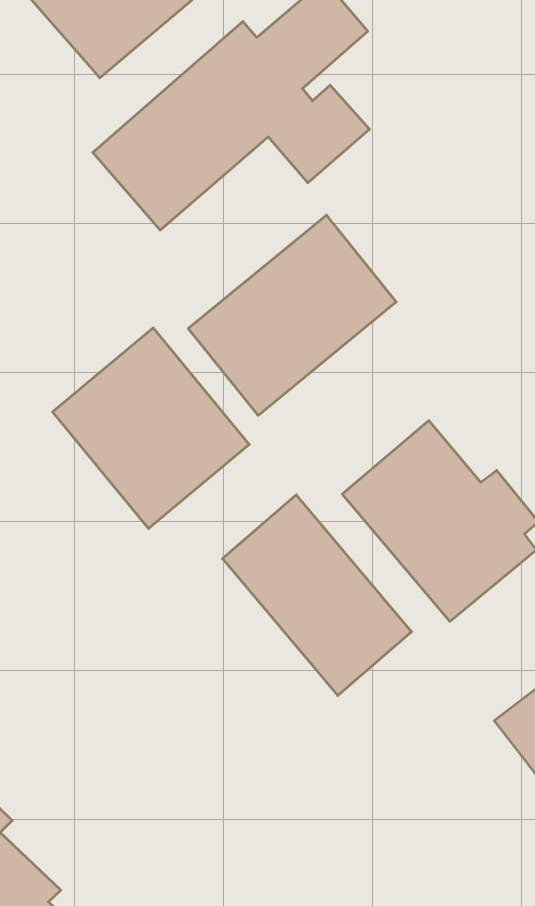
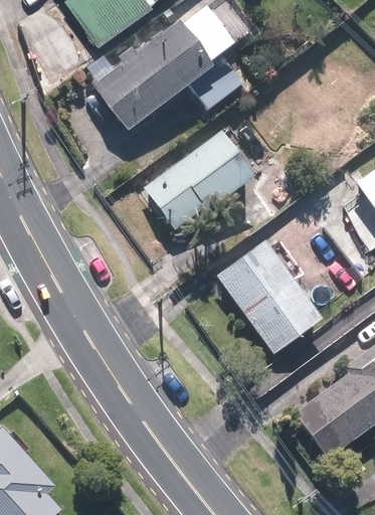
building: [53,328,249,529] -> none
building: [222,495,412,696] -> none

